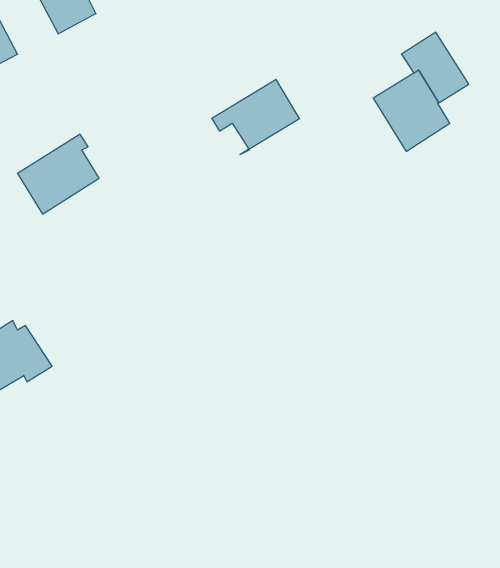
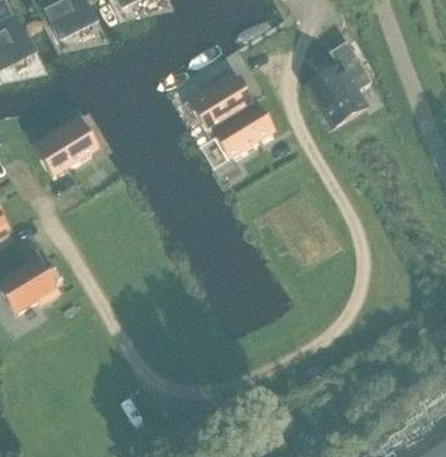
building: none -> [205,100,274,156]

